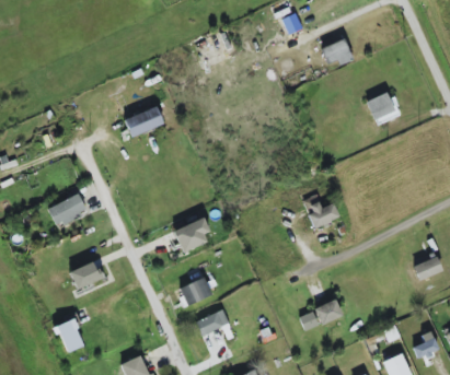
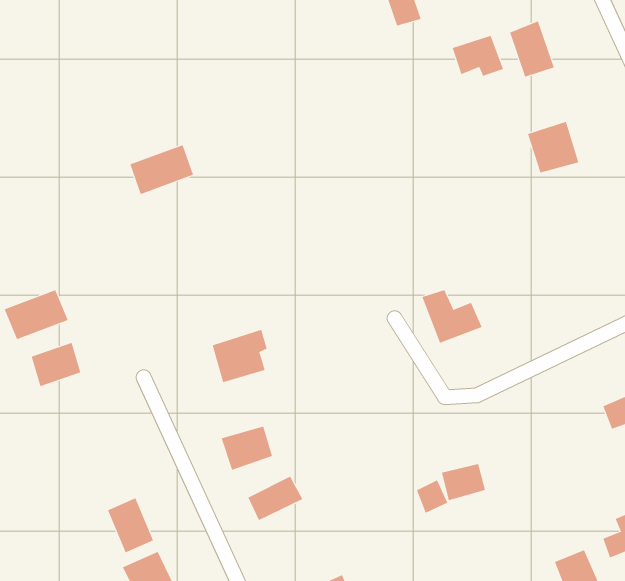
building: none -> [510,20,554,78]
building: [70,261,101,289] -> [31,342,81,387]
building: [55,319,83,353] -> [107,497,154,553]

